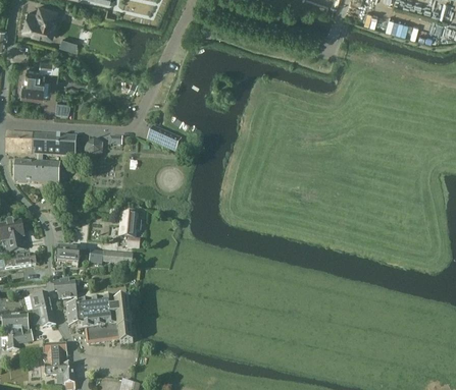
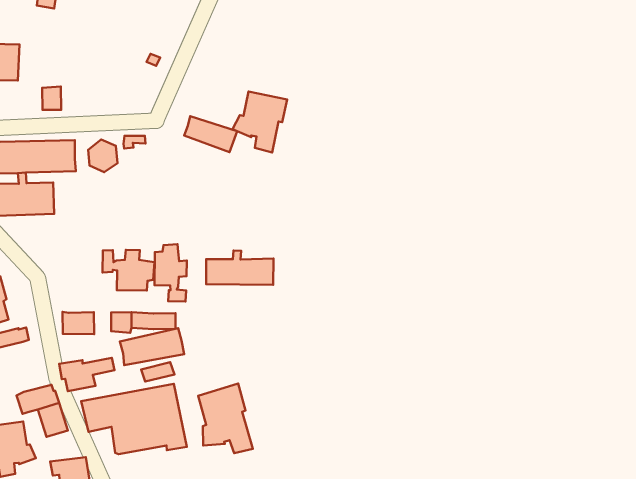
building: none -> [232,91,287,152]
building: none -> [103,250,155,291]
building: none -> [206,250,273,285]
building: none -> [120,328,184,365]
building: none -> [198,383,253,453]

